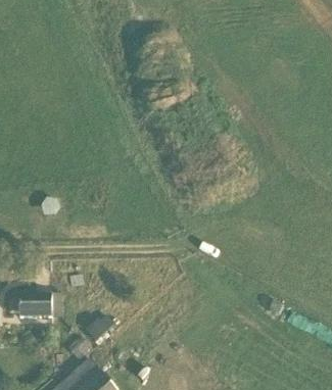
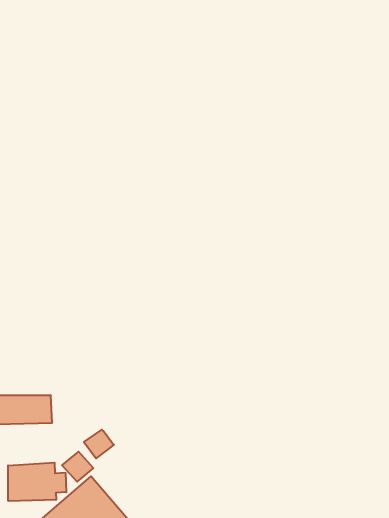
building: none -> [8,463,66,501]

